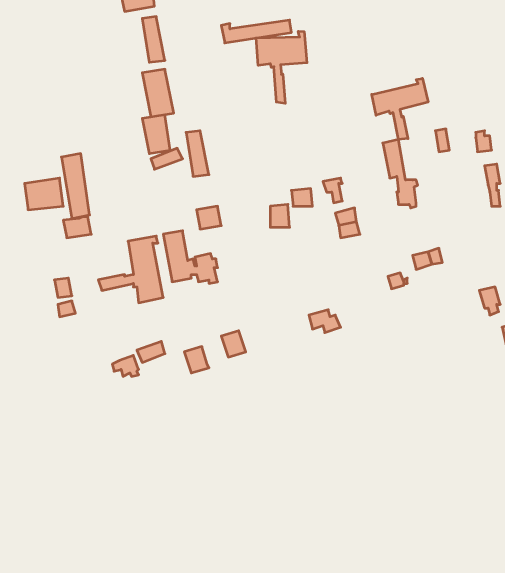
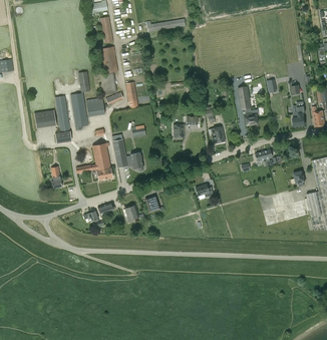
building: [256,31,307,103] -> none
building: [372,78,428,139] -> none
building: none -> [70,72,90,130]

